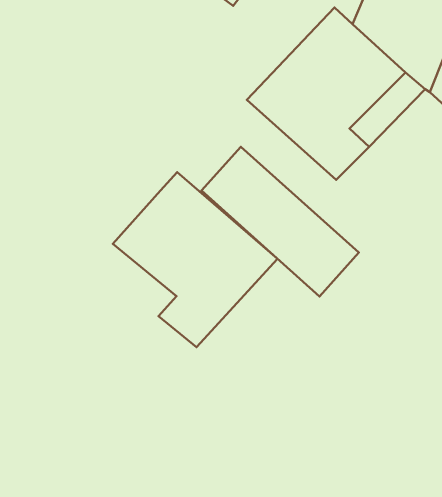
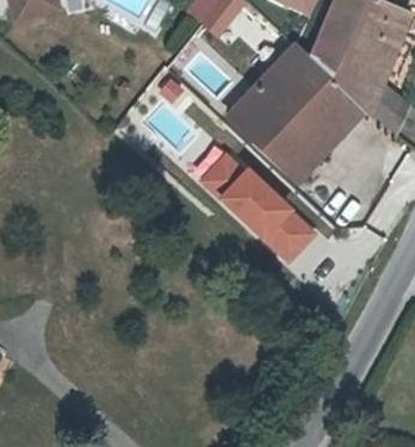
building: [113,172,277,347] -> none

